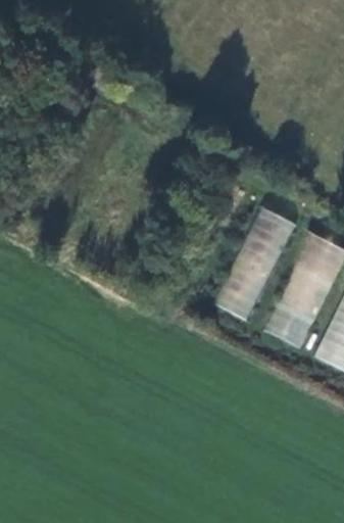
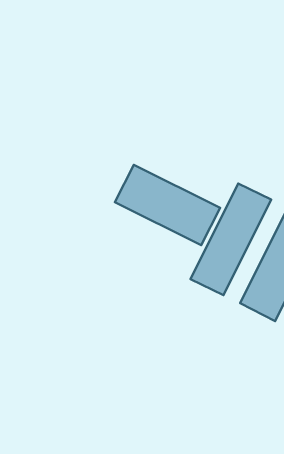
building: none -> [115,165,220,245]

